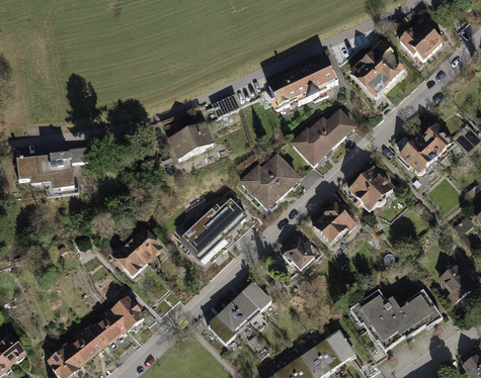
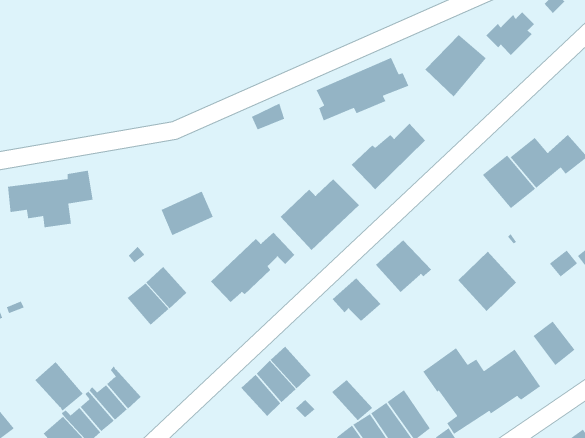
building: [170,122,213,159] -> [160,191,214,236]
building: [349,167,397,215] -> [457,251,517,312]
building: [240,278,273,311] -> [331,379,373,421]
building: [105,291,145,332] -> [34,361,84,412]

